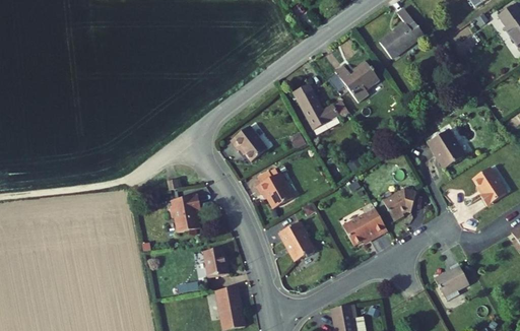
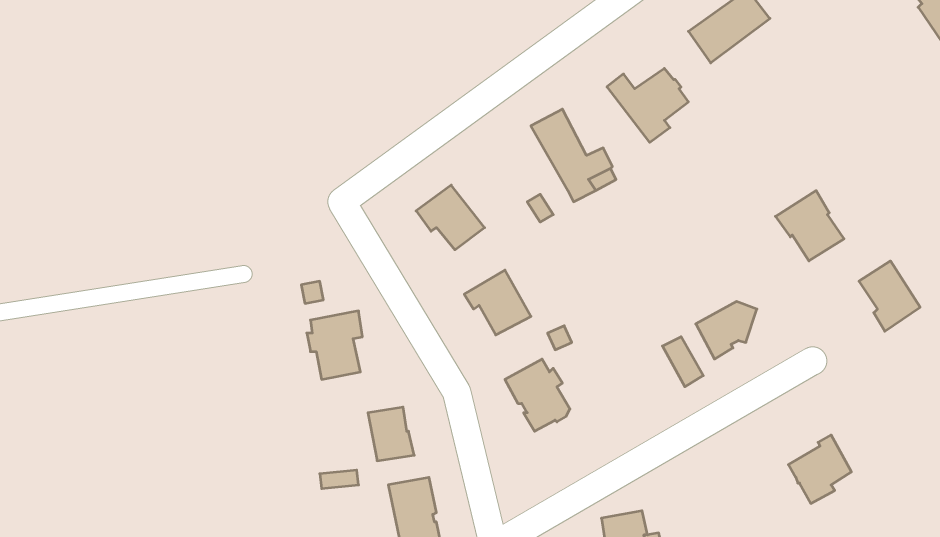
building: [343,213,378,245] -> none

